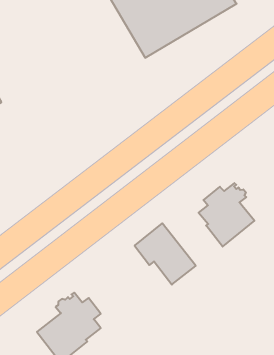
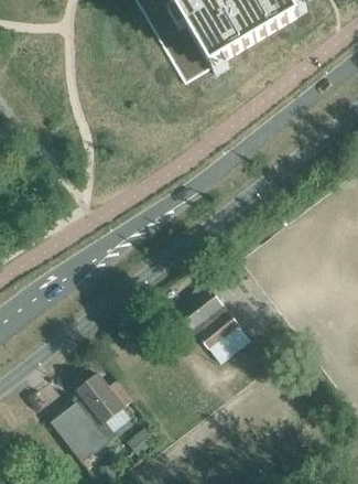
building: [199,183,254,247] -> none

